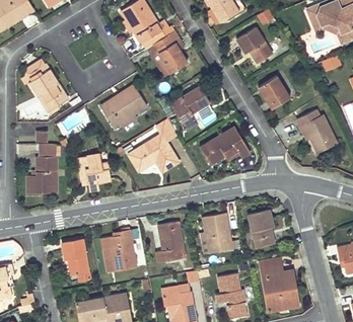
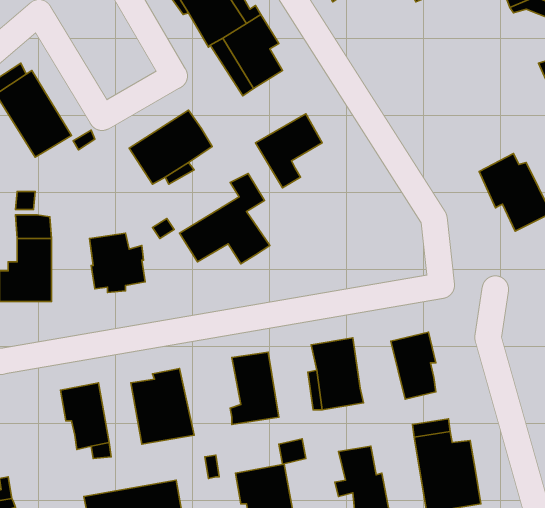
building: [236,27,273,64] -> none
building: [258,75,290,107] -> none
building: [200,128,251,165] -> none

